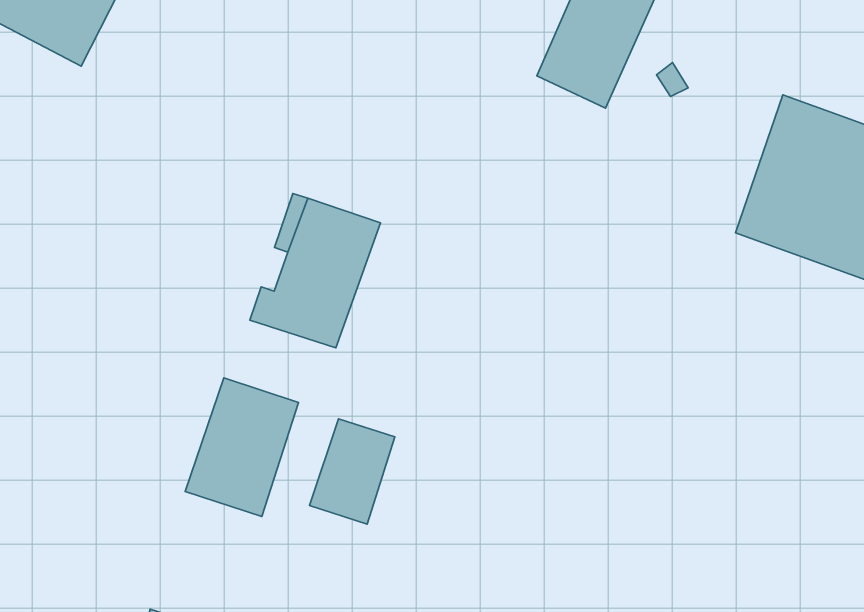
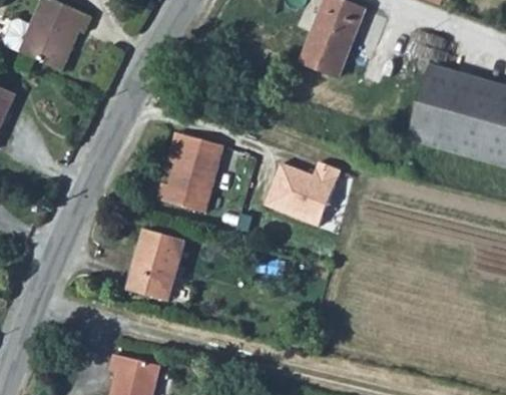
building: none -> [265,160,342,226]
building: [310,419,395,524] -> none

